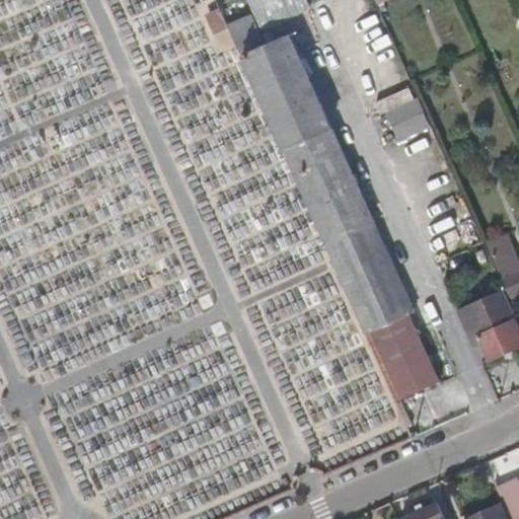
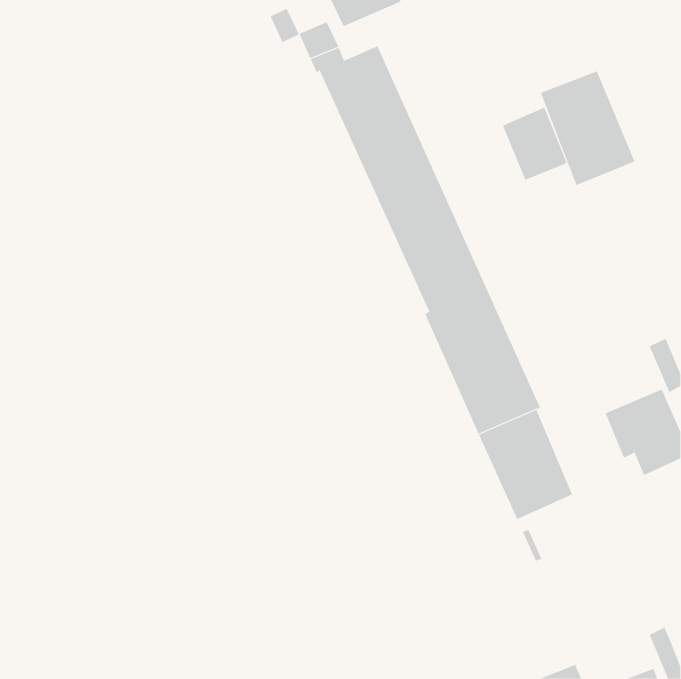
building: none -> [540,70,635,186]

